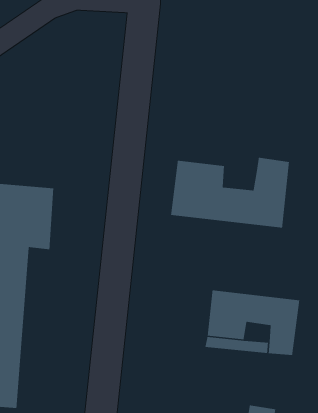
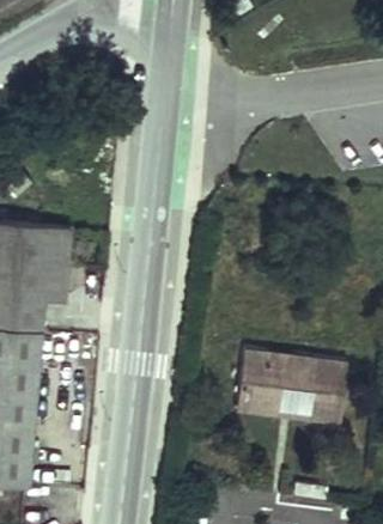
building: [170,157,290,229] -> none

